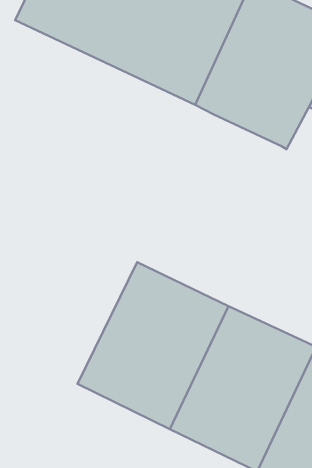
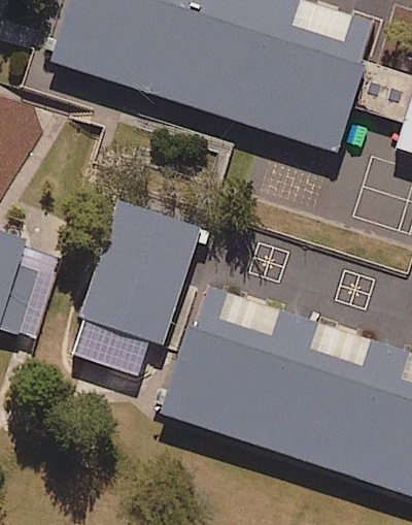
building: none -> [78,199,202,344]

